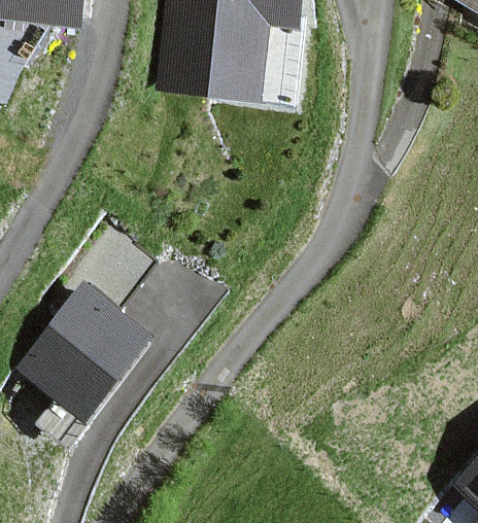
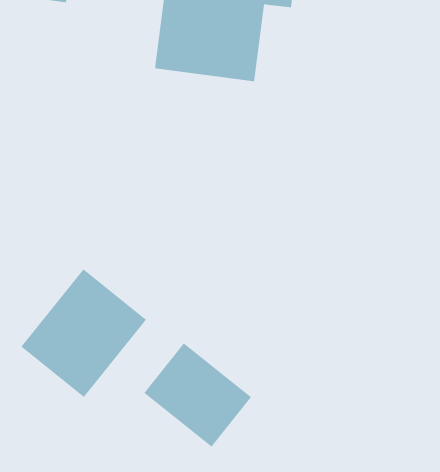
building: none -> [143,342,252,448]

